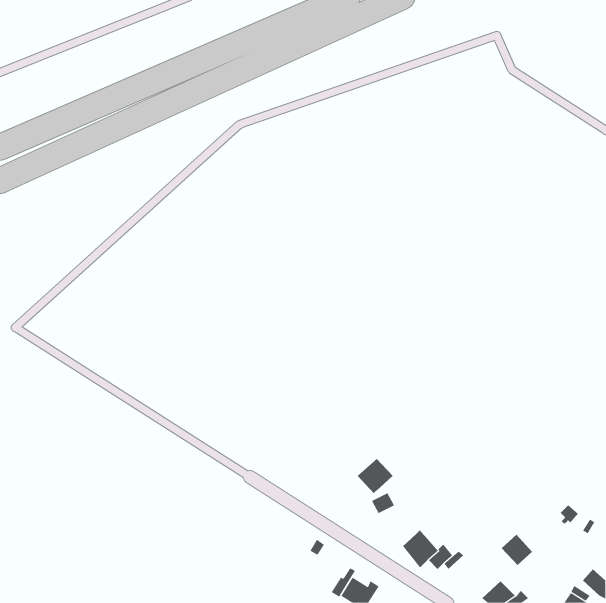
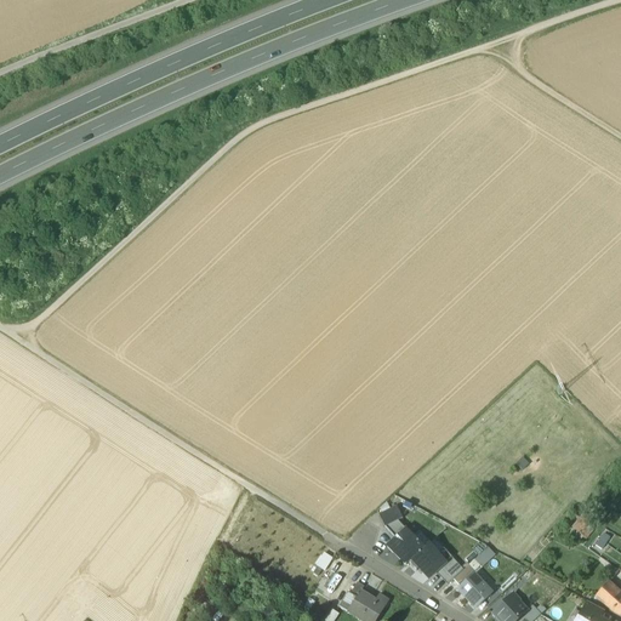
building: [357,458,394,494] -> [387,528,425,564]
building: [501,534,533,566] -> [458,572,491,605]

